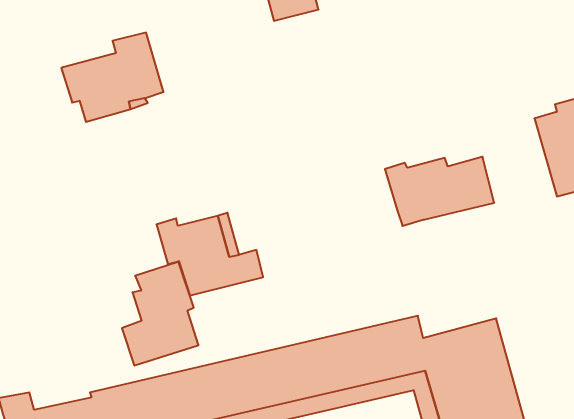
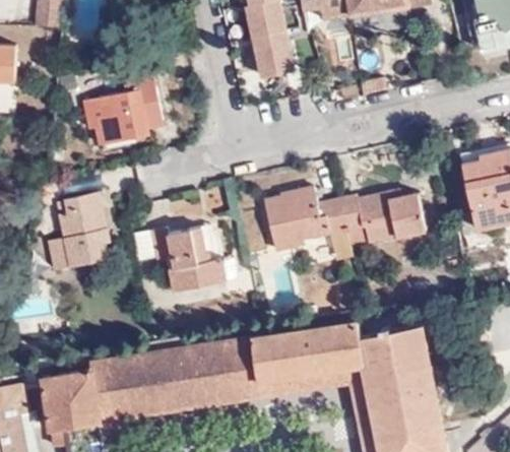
building: none -> [261,186,346,253]
building: [122,262,199,365] -> [47,194,108,275]

